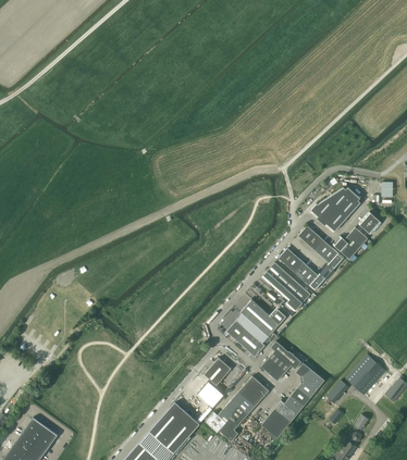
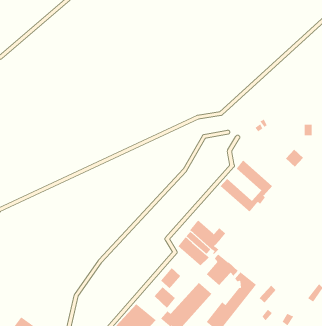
building: [311,187,360,231] -> none
building: [333,227,368,259] -> none
building: [262,262,310,311] -> none
building: [346,355,385,395] -> none

